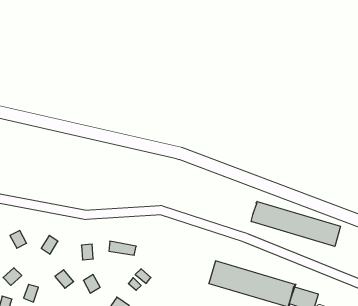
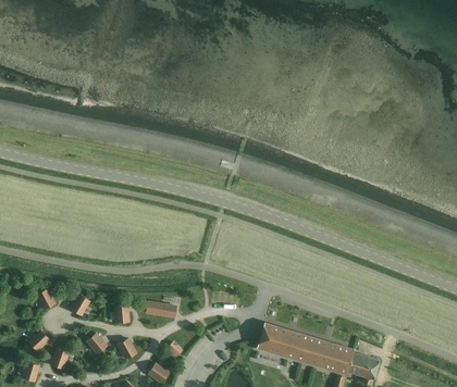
building: [251,201,341,246] -> none

